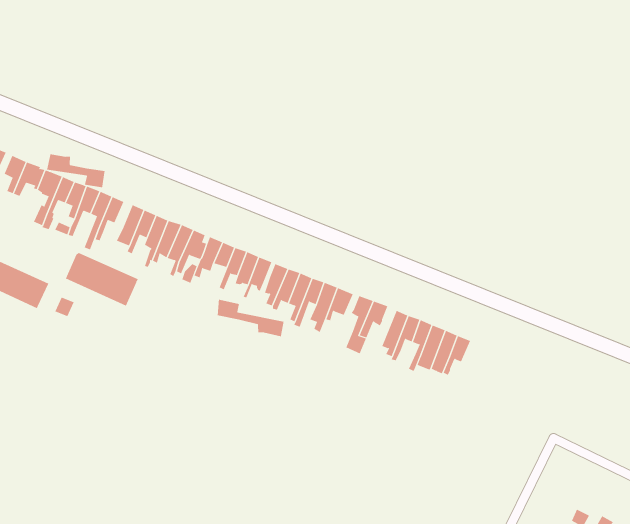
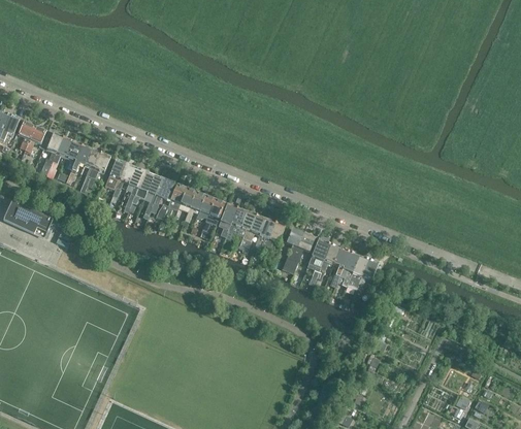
building: [47,153,105,188] -> none
building: [65,252,138,307] -> none
building: [217,299,284,337] -> none

